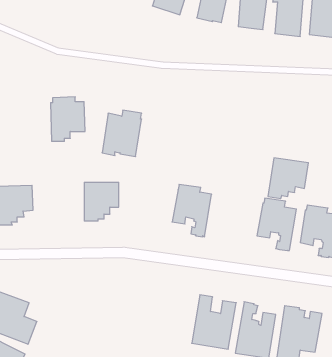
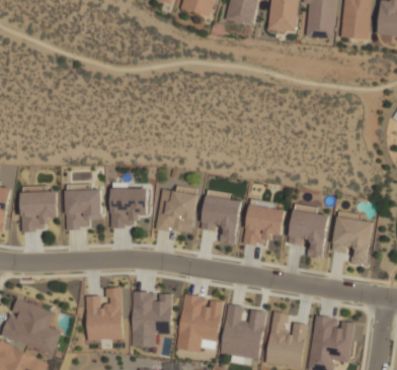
building: [51,97,85,141] -> [66,184,101,229]
building: [102,110,142,157] -> [156,185,196,233]
building: [268,158,308,198] -> [243,204,285,246]
building: none -> [86,287,123,340]
building: none -> [133,291,172,347]
building: none -> [176,293,223,352]

